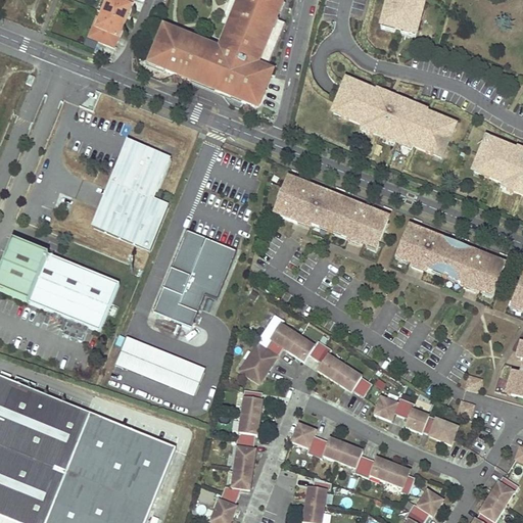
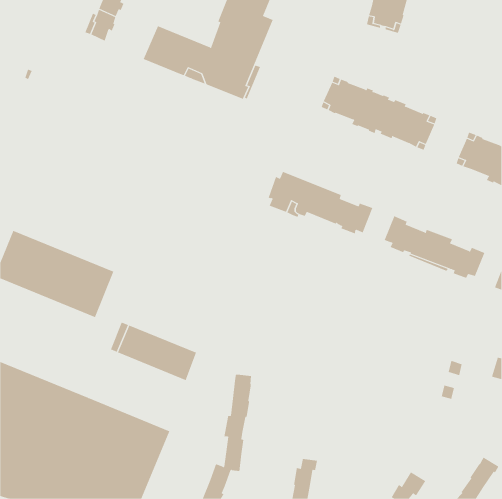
building: [93,141,169,248] -> none
building: [153,228,235,325] -> none
building: [241,322,371,396] -> none
building: [373,394,457,444] -> none
building: [291,423,414,493] -> none

